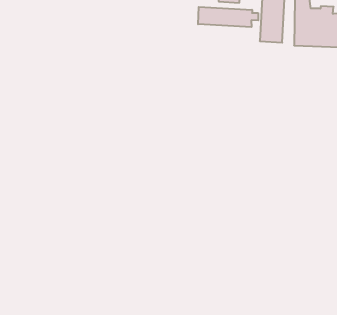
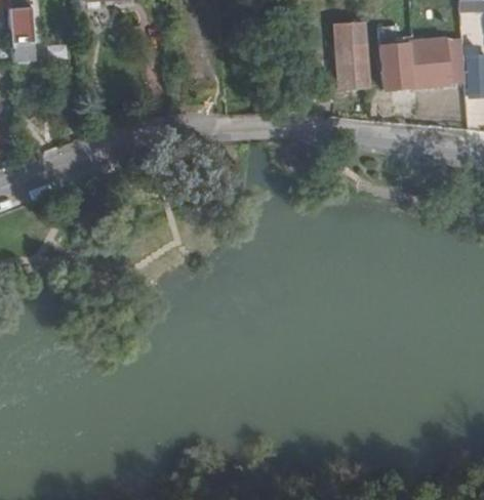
building: [198,7,258,27] -> none

